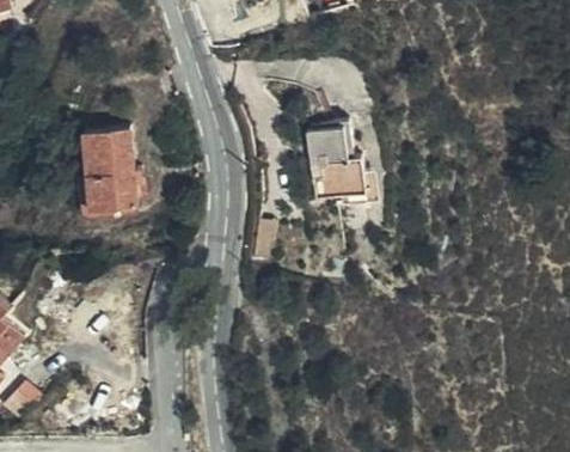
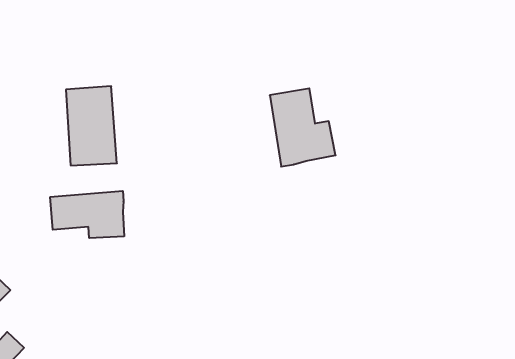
building: none -> [50,191,124,238]

